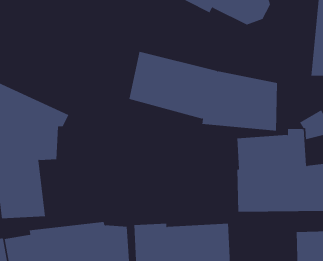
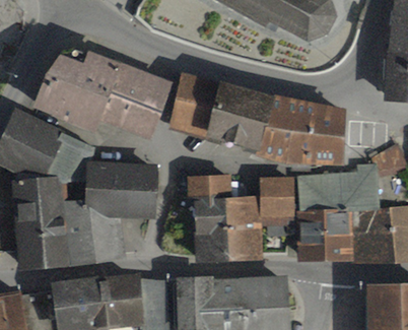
building: none -> [31,52,174,140]
building: none -> [64,161,159,267]
building: none -> [188,174,294,263]

